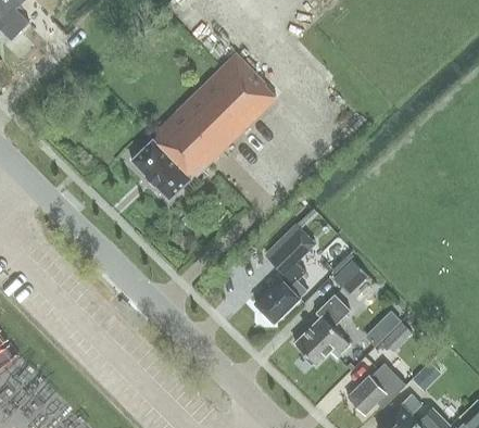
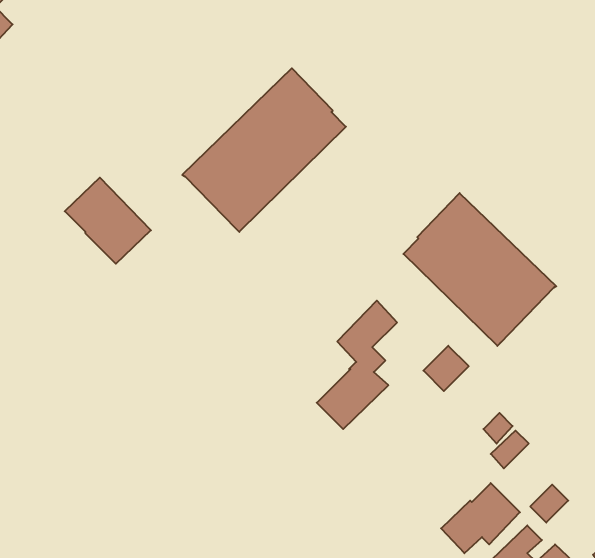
building: [130,135,194,199] -> [65,178,151,264]
building: none -> [403,193,556,346]
building: [294,294,350,365] -> none

